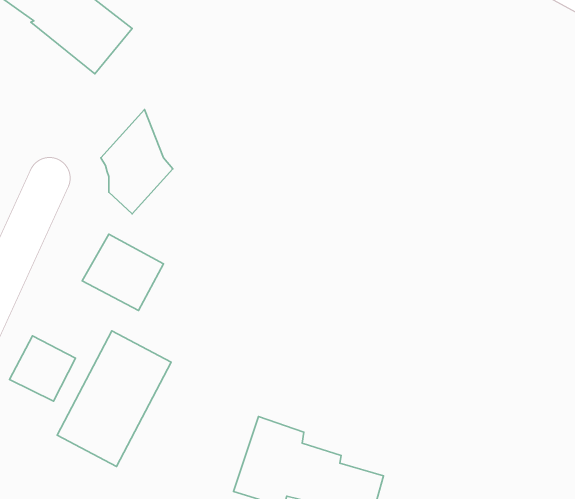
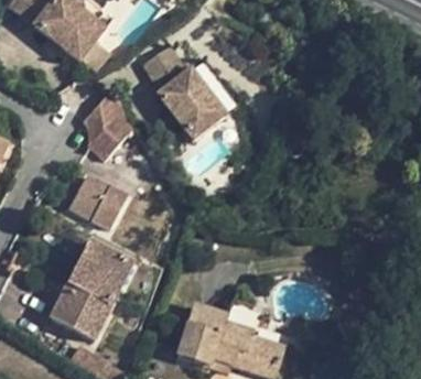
building: none -> [143,44,225,139]
building: [9,336,75,401] -> none

